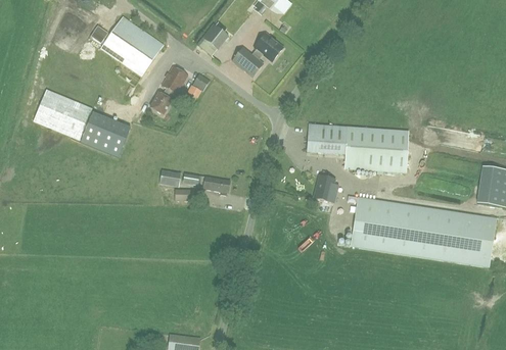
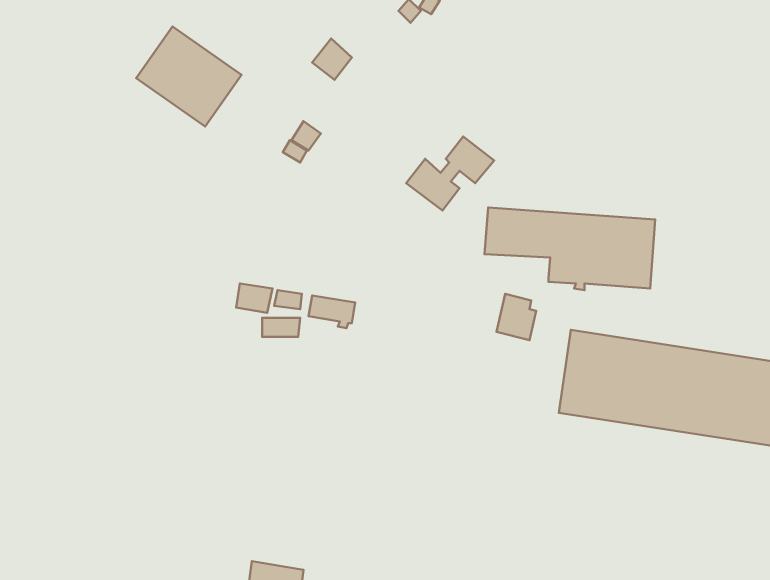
building: [231,33,283,77] -> [406,136,494,211]
building: [150,64,188,113] -> none
building: [38,90,131,152] -> none

